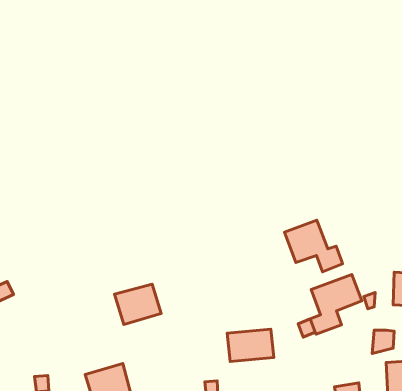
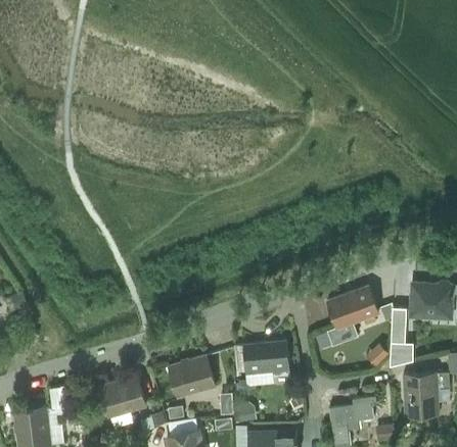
building: [285,220,342,272] -> none
building: [115,284,161,325] -> [168,356,215,397]

